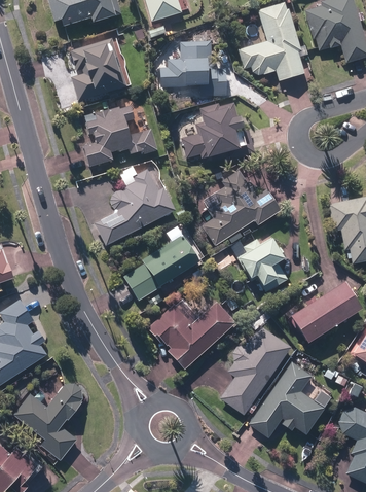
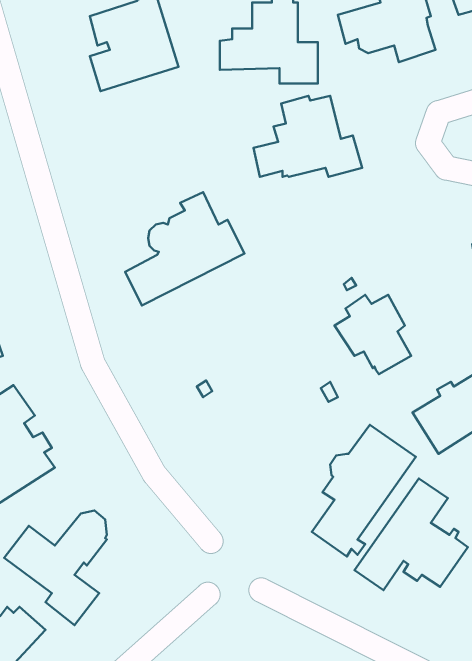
building: [83,105,157,166] -> none
building: [202,171,281,246] -> none
building: [124,239,199,300] -> none
building: [148,302,235,368] -> none

